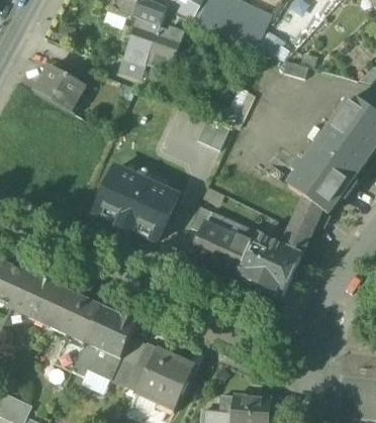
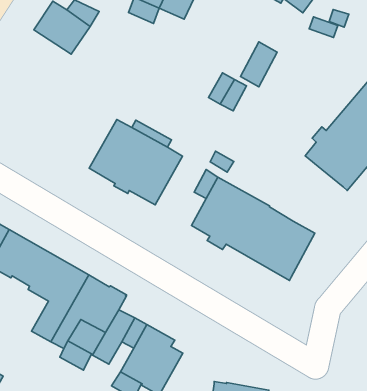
building: [281,196,323,253] -> none

